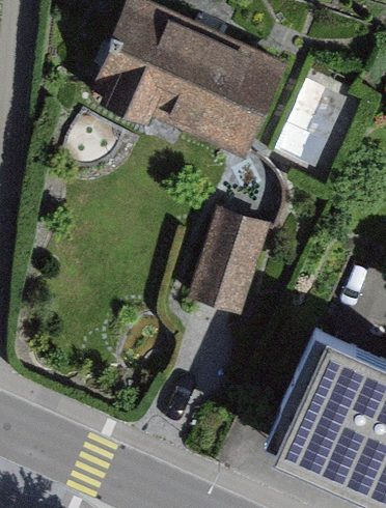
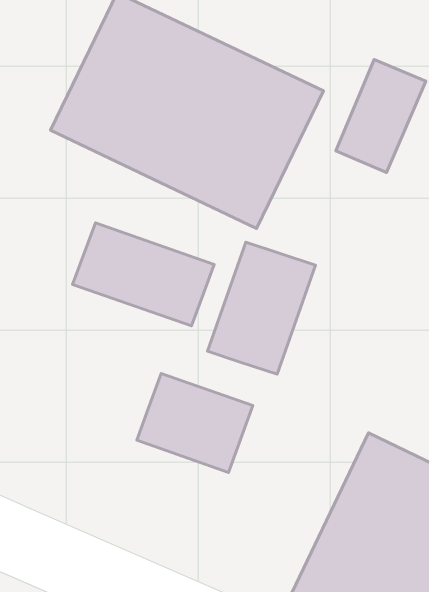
building: none -> [73,223,214,326]
building: none -> [137,373,253,472]

